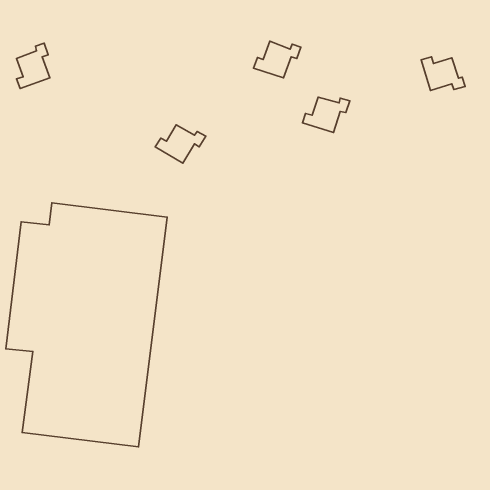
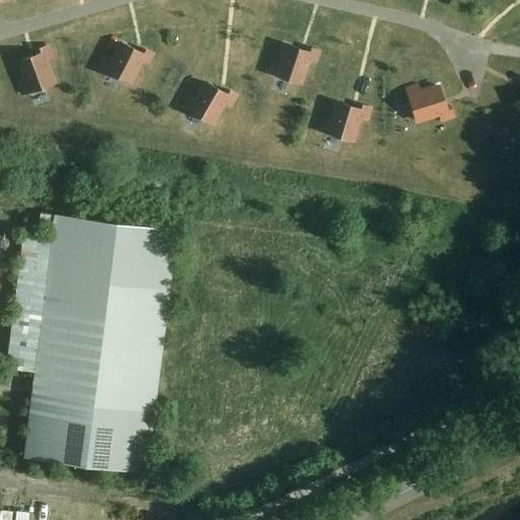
building: none -> [100,44,152,83]
building: [421,57,465,90] -> [406,86,453,122]
building: [155,125,206,163] -> [183,83,237,124]

